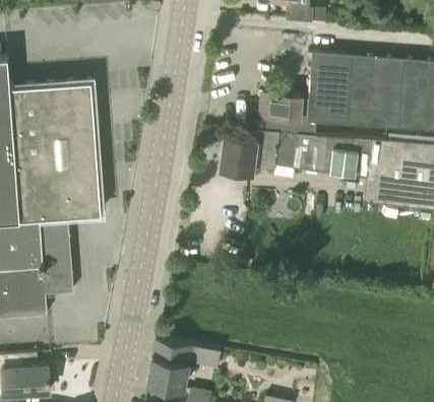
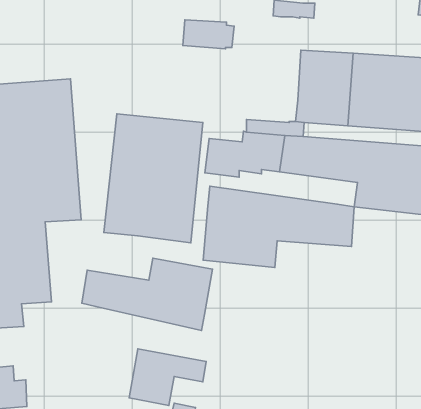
building: [259,95,308,123] -> [183,20,234,49]
building: none -> [104,114,203,243]
building: none -> [203,186,354,268]
building: none -> [82,258,212,331]

